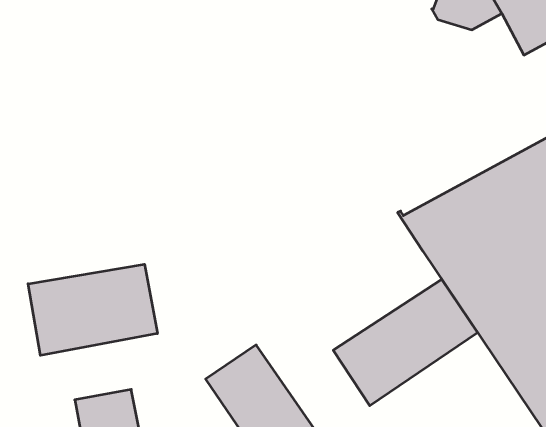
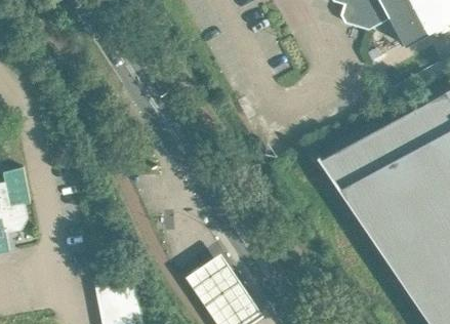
building: [28,264,157,355] -> none
building: [333,279,478,406] -> none

